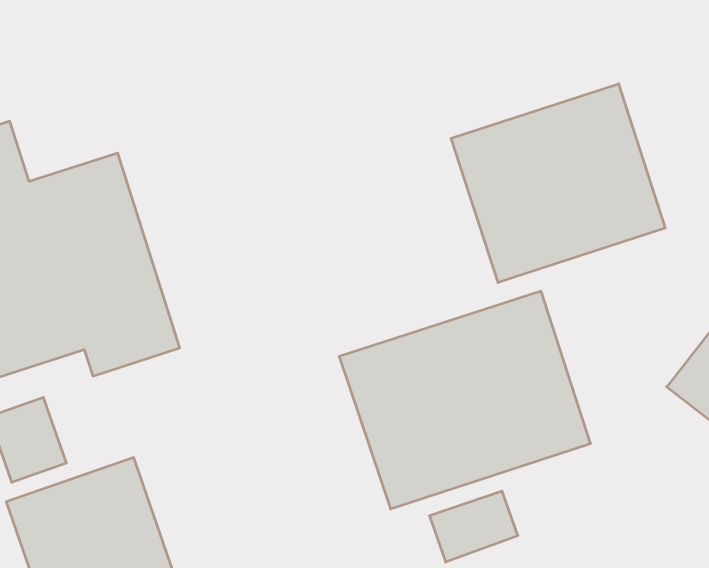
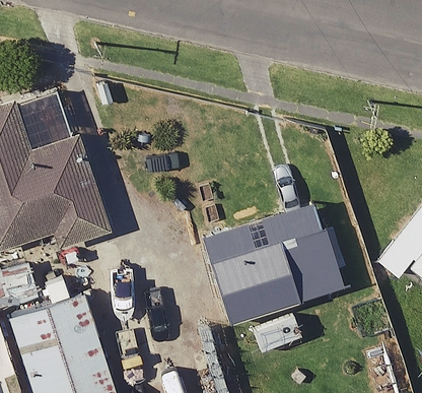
building: [451,84,665,283] -> none

